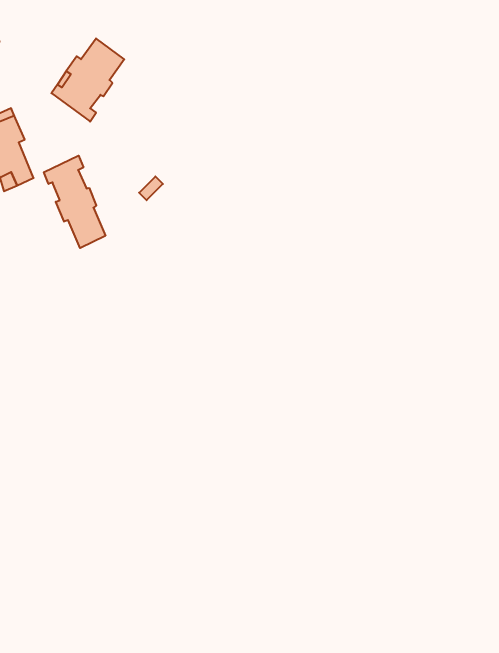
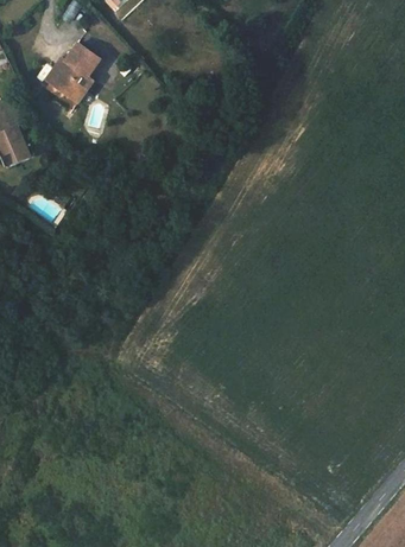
building: [44,156,105,248] -> none

